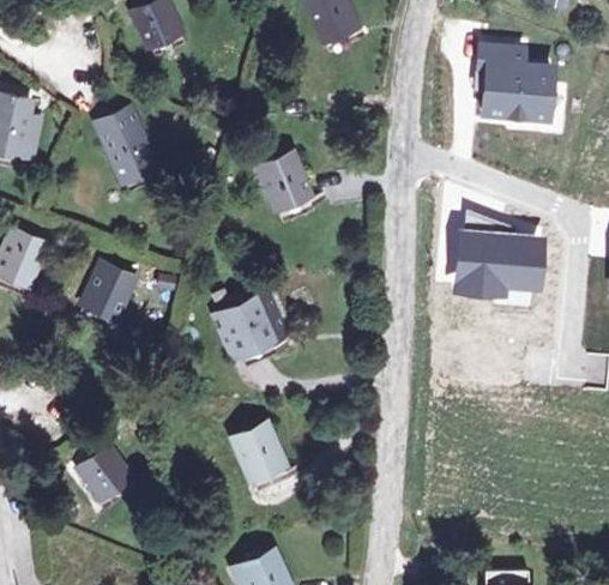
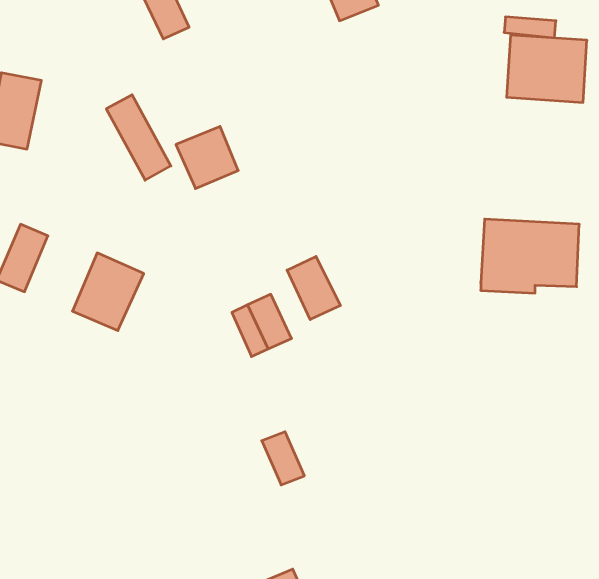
building: [255,153,313,211] -> [176,126,238,189]
building: none -> [287,256,340,320]
building: [92,447,140,501] -> none

